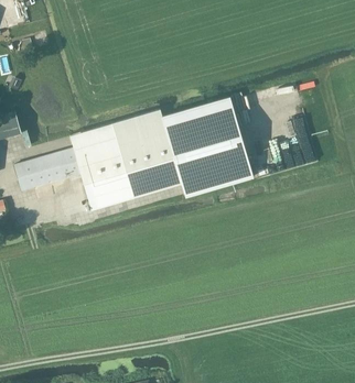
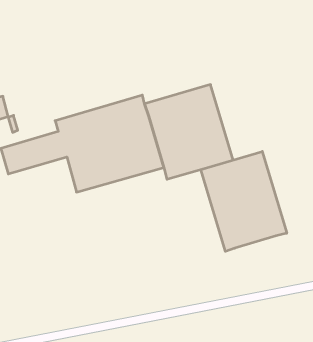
building: none -> [201,151,287,251]

